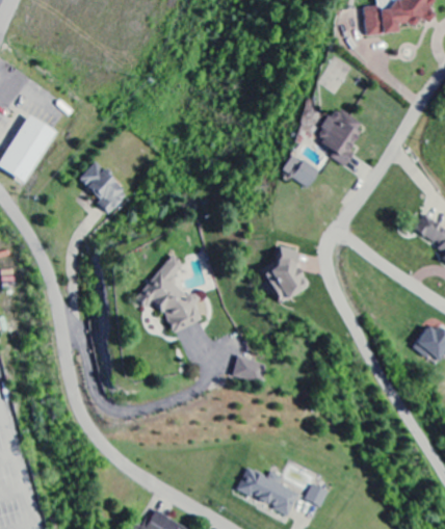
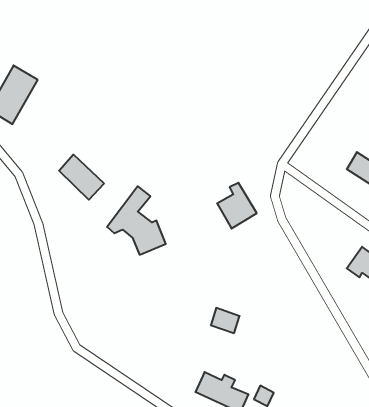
building: [315,106,364,166] -> none
building: [282,154,319,187] -> none
building: [78,160,130,212] -> [59,155,104,200]
building: [232,354,265,383] -> [211,308,240,333]

